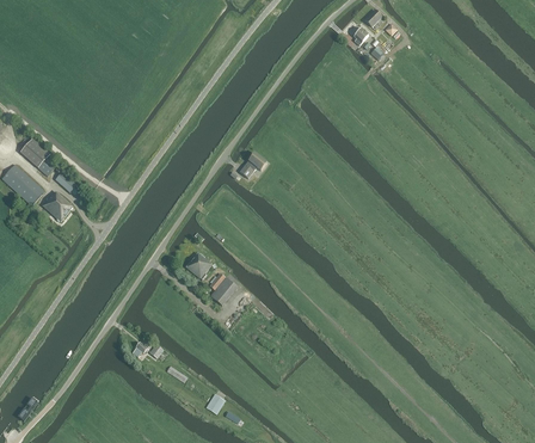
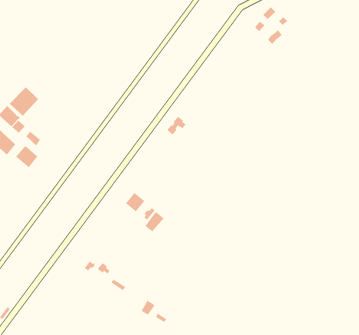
building: none -> [9,87,39,117]

